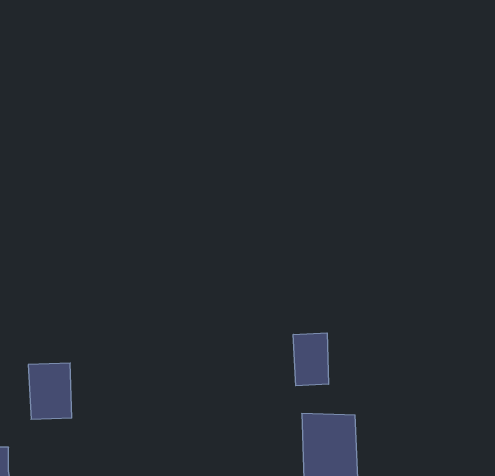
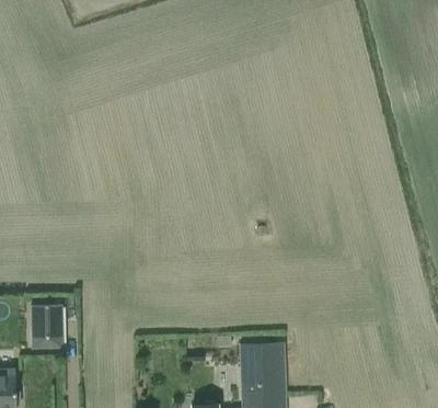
building: [293,333,329,386] -> none

